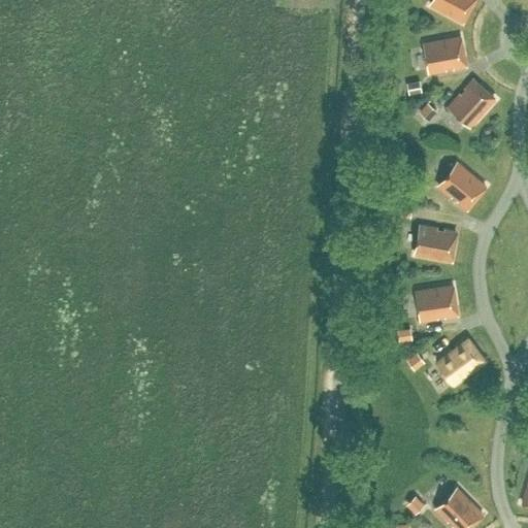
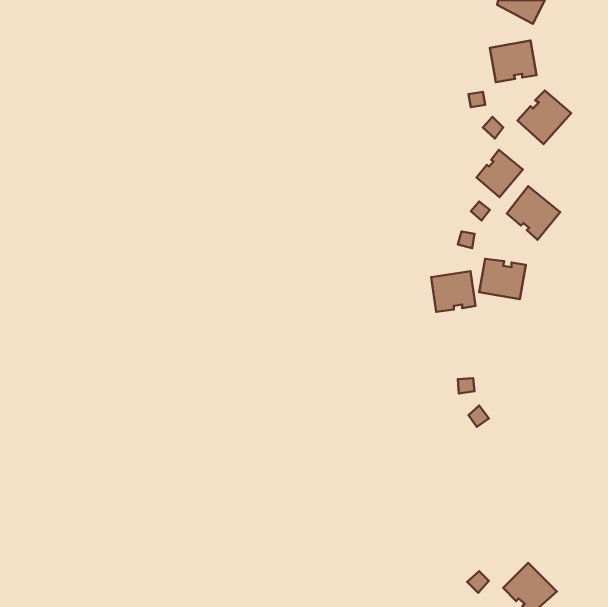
building: none -> [477,150,523,197]
building: [418,286,456,321] -> [431,271,475,312]
building: [437,338,484,384] -> none

